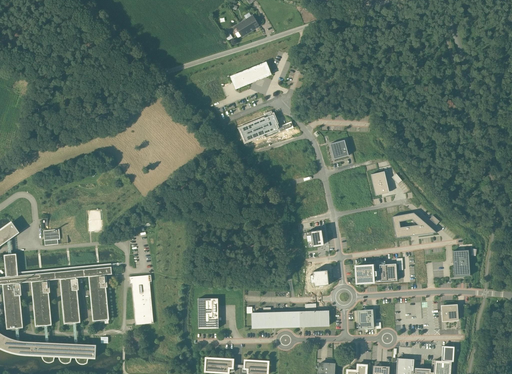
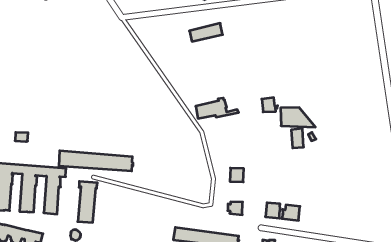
building: [240,112,292,141] -> [196,98,239,118]
building: [392,212,437,237] -> [281,108,315,127]
building: none -> [59,151,133,171]
building: [452,249,470,276] -> none
building: [198,297,219,328] -> none

